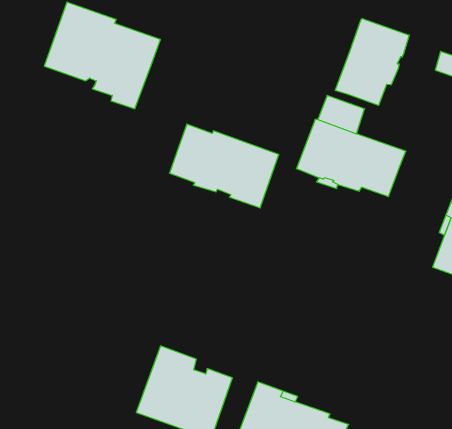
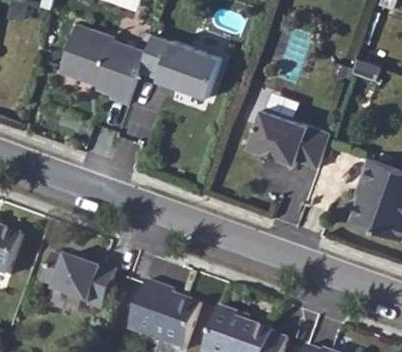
building: [335,19,409,105] -> none
building: [169,124,279,208] -> [139,34,221,97]
building: none -> [42,255,116,312]

